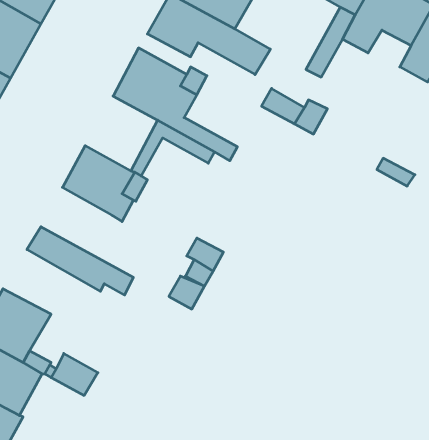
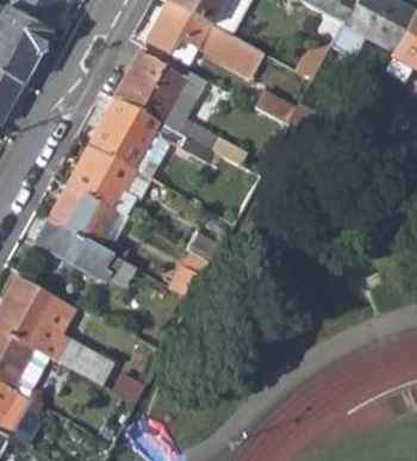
building: none -> [91,98,158,168]
building: none -> [49,183,117,254]

